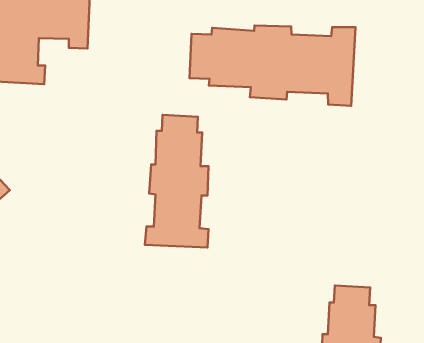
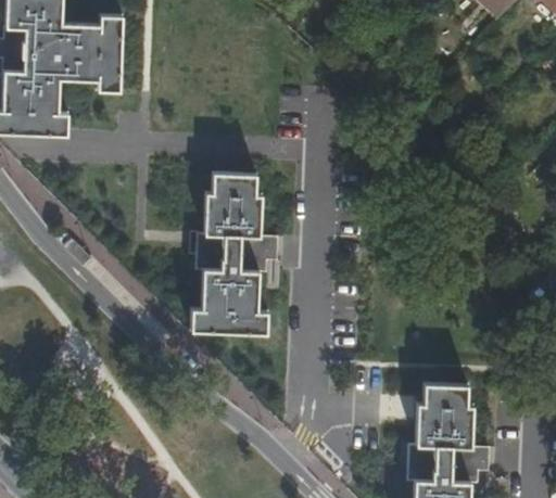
building: [190,25,355,106] -> none

